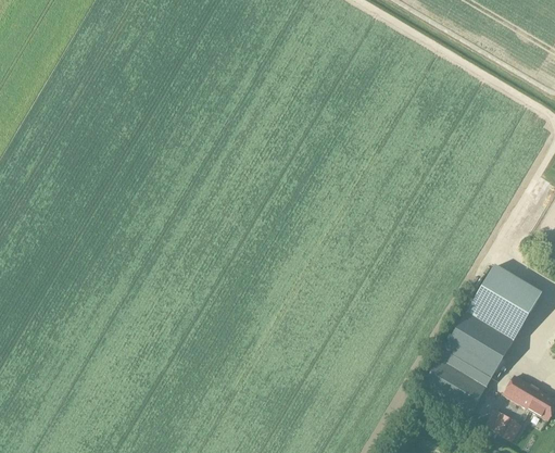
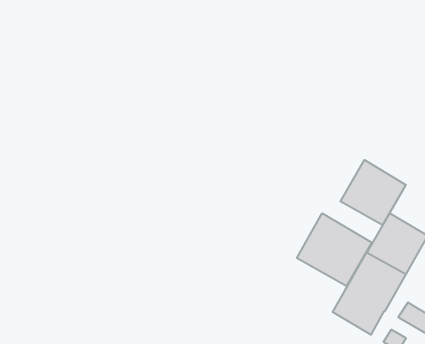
building: none -> [340,160,406,225]
building: none -> [297,213,372,286]

